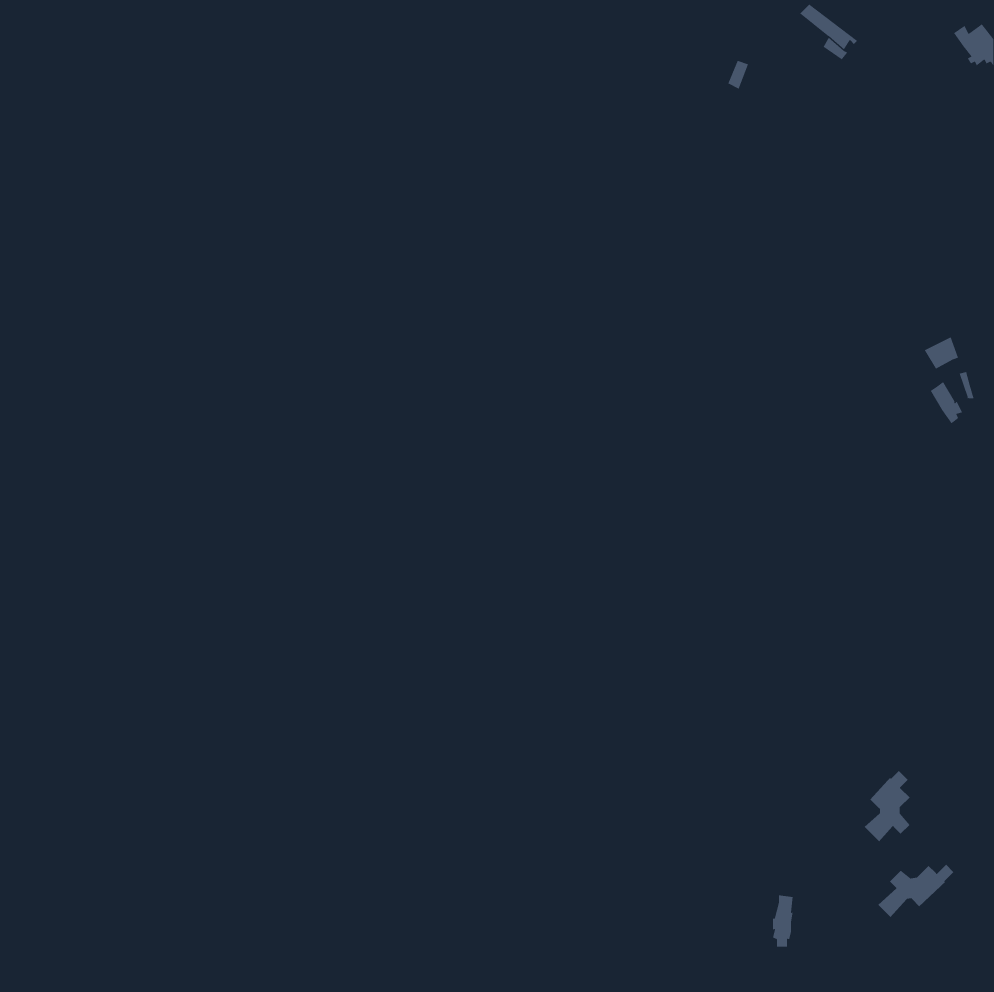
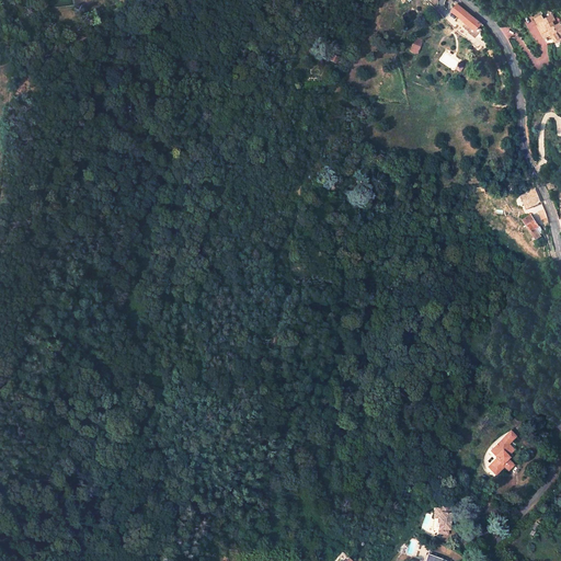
building: [877,864,954,918] -> none

